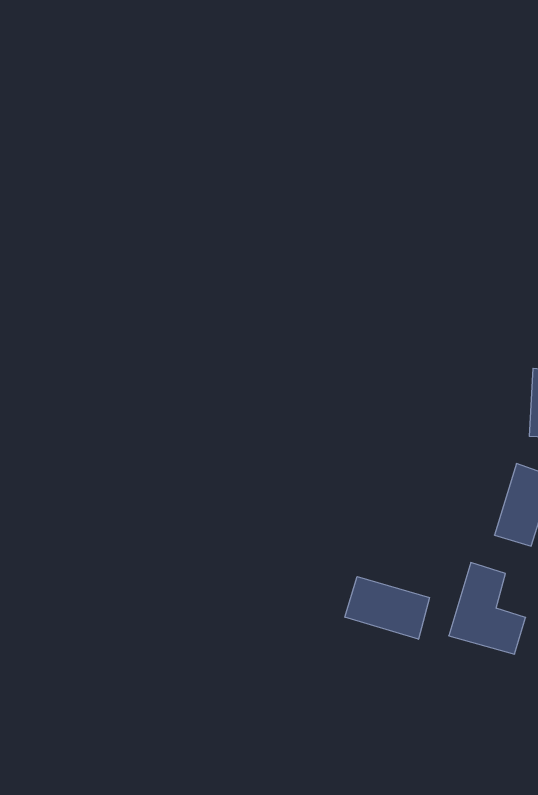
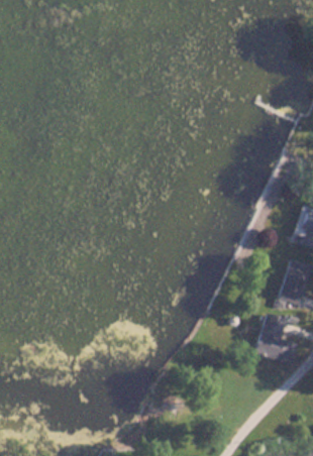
building: [345,577,429,639] -> none

